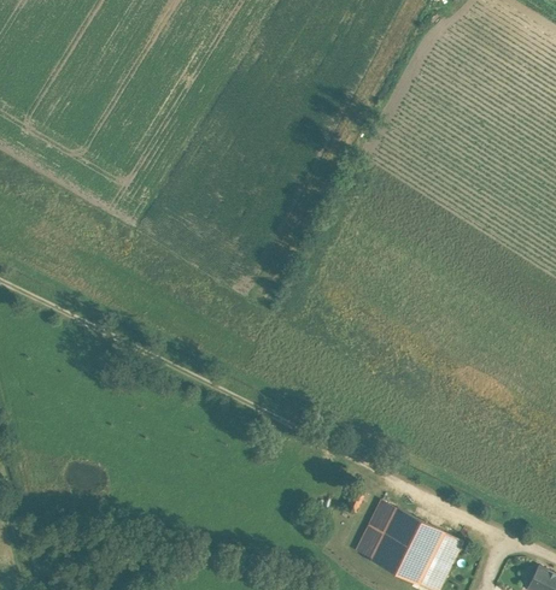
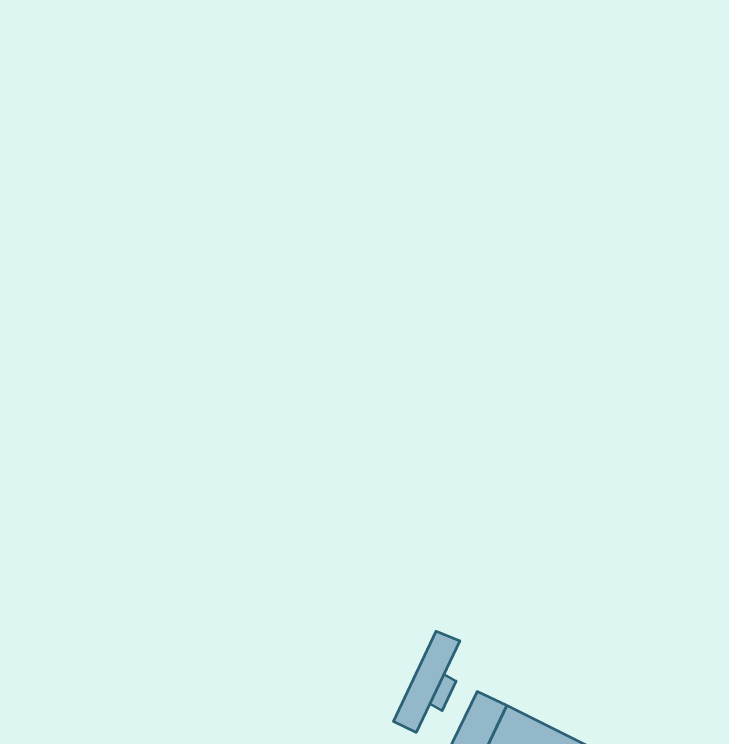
building: none -> [394,631,460,732]

